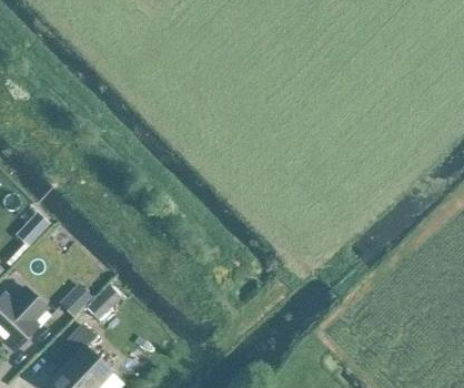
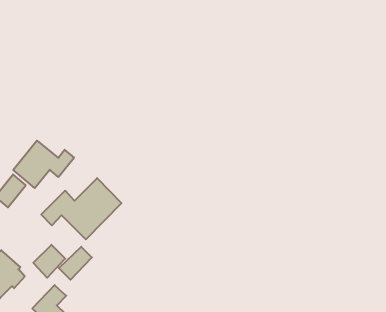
building: none -> [13,141,74,188]
building: none -> [41,178,121,239]

